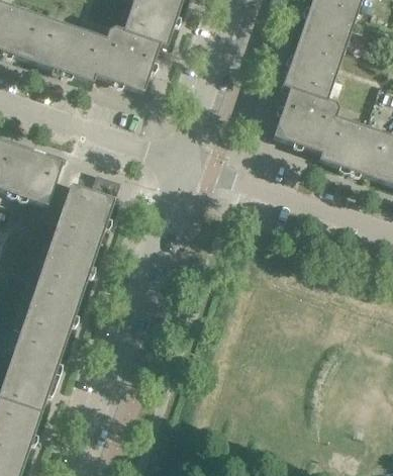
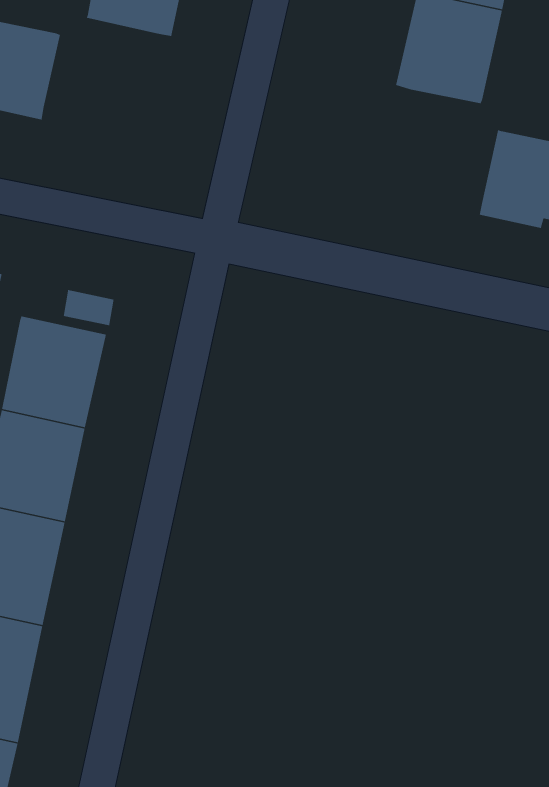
building: [94,25,159,91] -> none
building: [272,88,337,153] -> none

